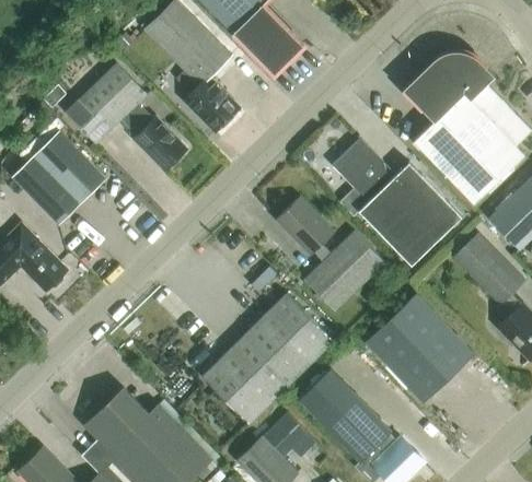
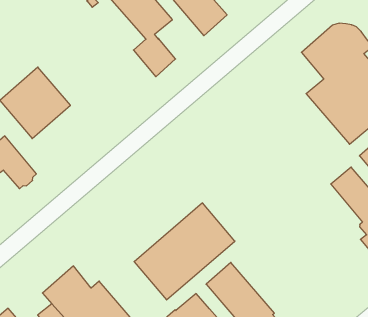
building: [66,63,186,169] -> none
building: [332,136,461,264] -> none
building: [276,196,384,310] -> none
building: [365,293,473,401] -> none

